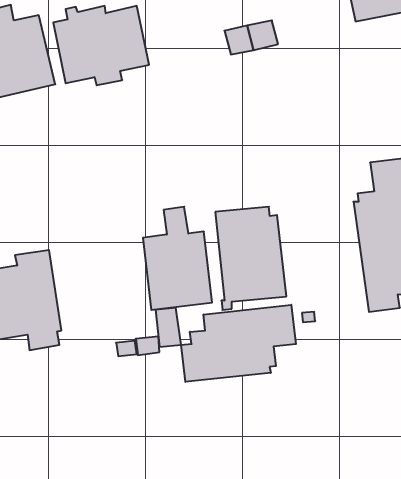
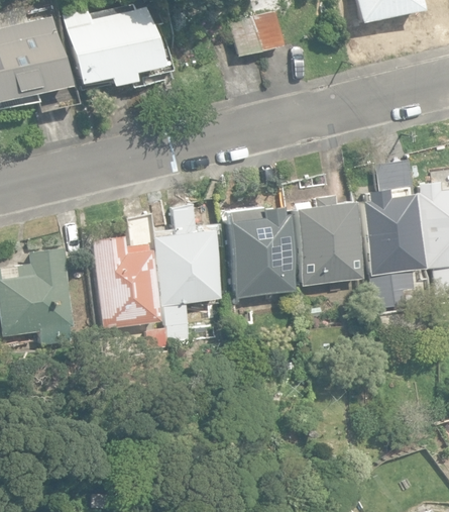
building: none -> [293,194,361,286]
building: none -> [94,216,162,329]
building: [181,305,296,382] -> none

